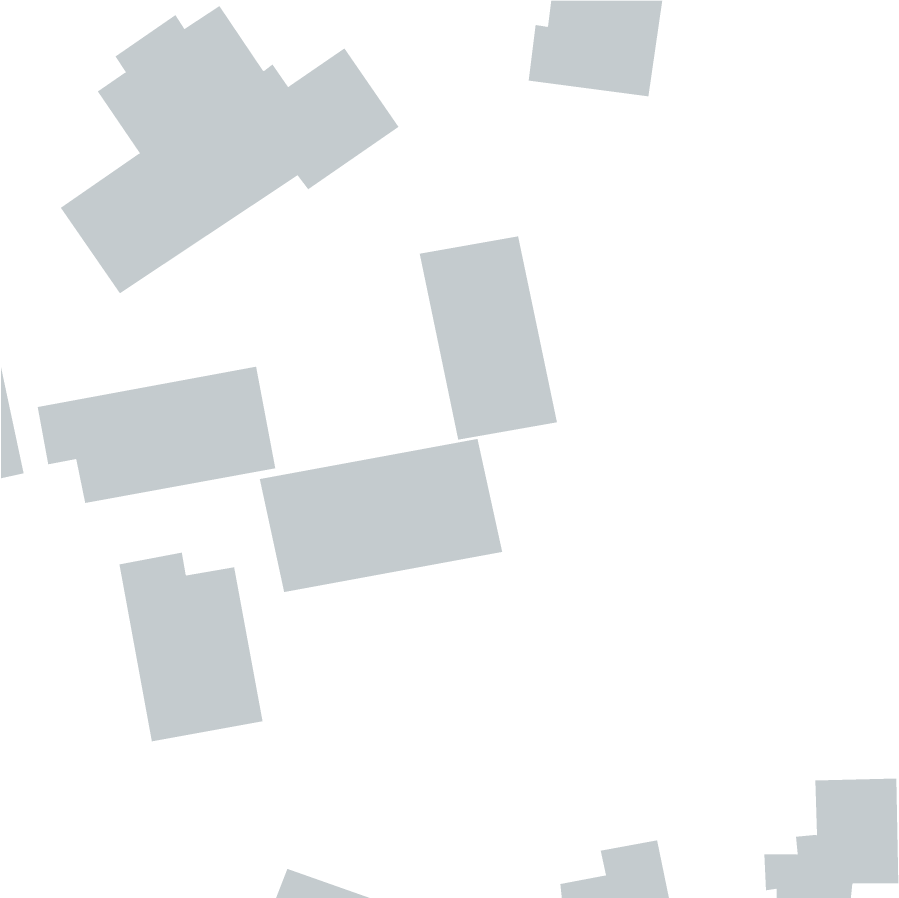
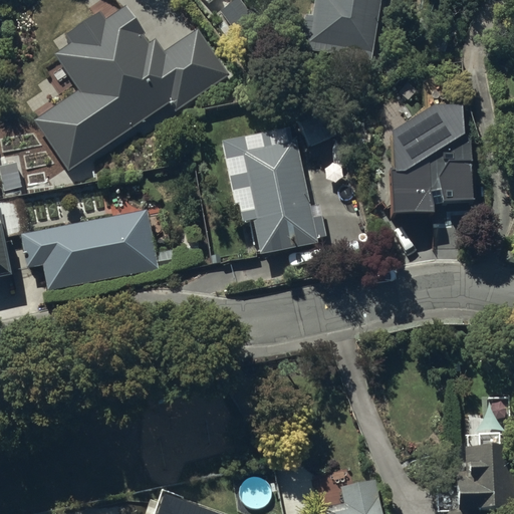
building: none -> [379,120,472,209]
building: [259,438,503,593] -> none
building: [119,552,263,742] -> none

